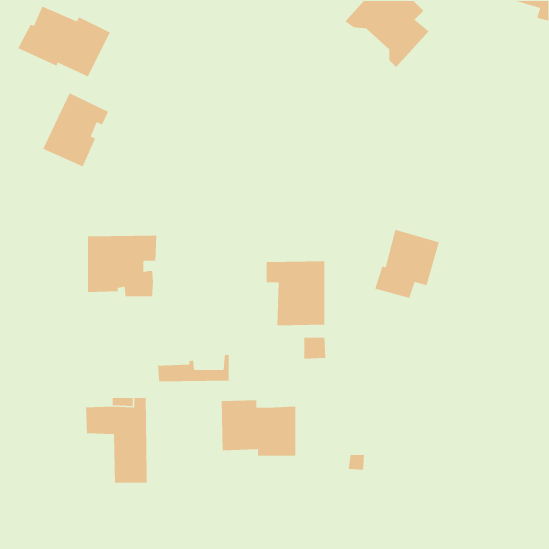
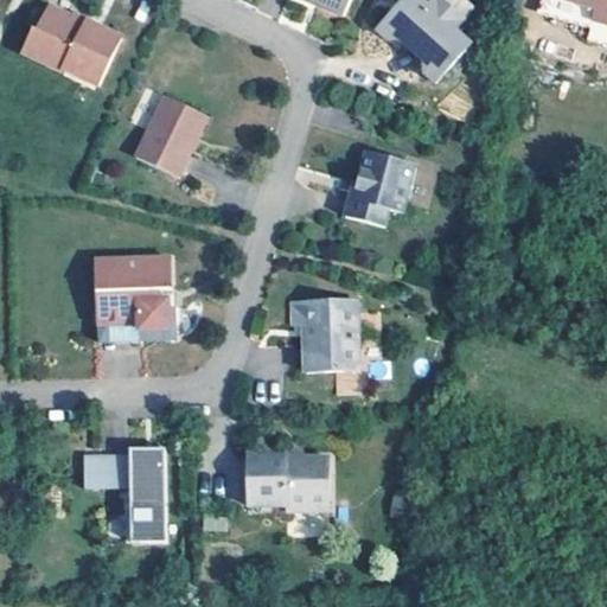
building: [42,92,109,167] -> [135,96,209,179]
building: [374,229,440,299] -> [343,151,415,228]
building: [157,354,229,382] -> [96,312,175,343]

